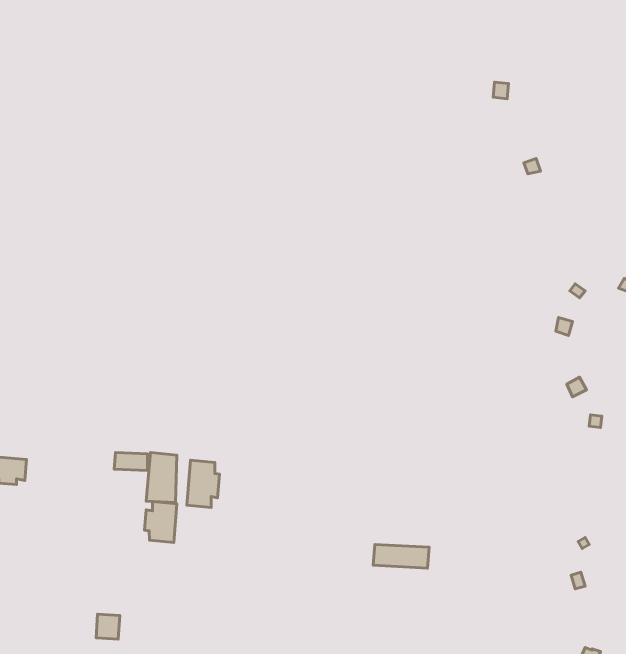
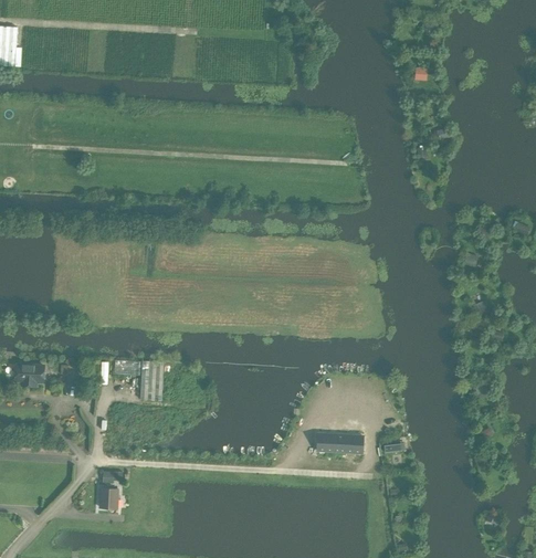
building: [187,460,220,508] -> none
building: [144,502,177,543] -> none

